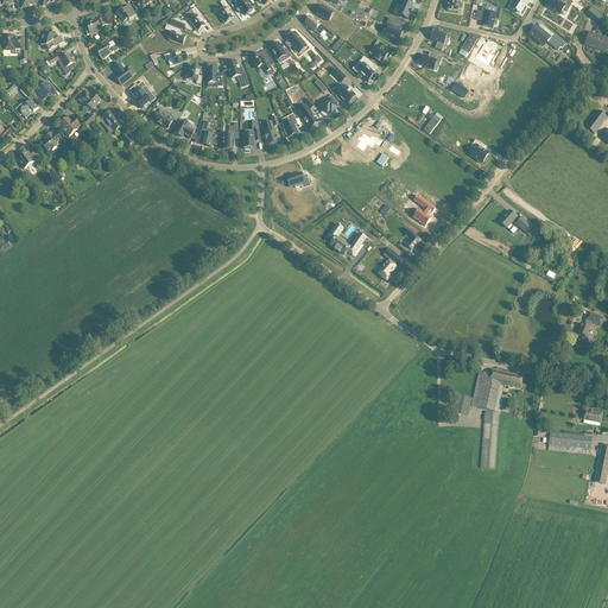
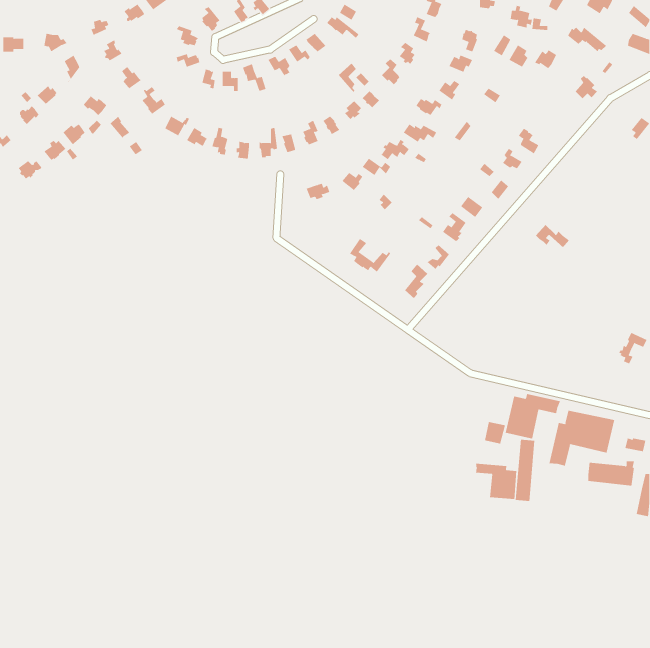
building: none -> [549,410,615,466]
building: none -> [476,463,517,500]

